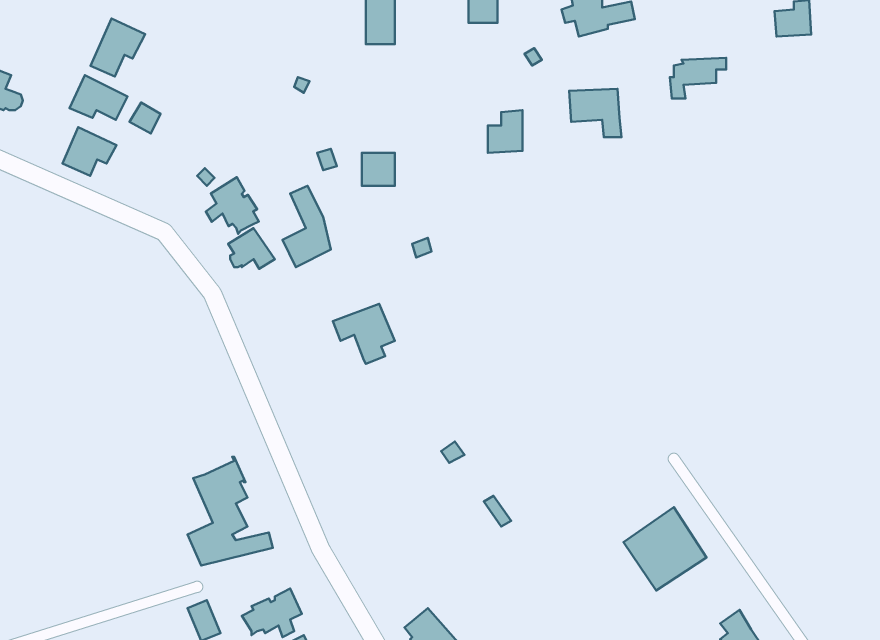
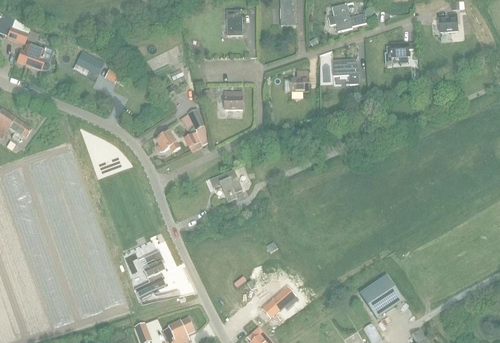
building: [91,18,145,77] -> none
building: [62,127,116,176] -> none
building: [206,177,259,234] -> none
building: none -> [262,286,298,317]

